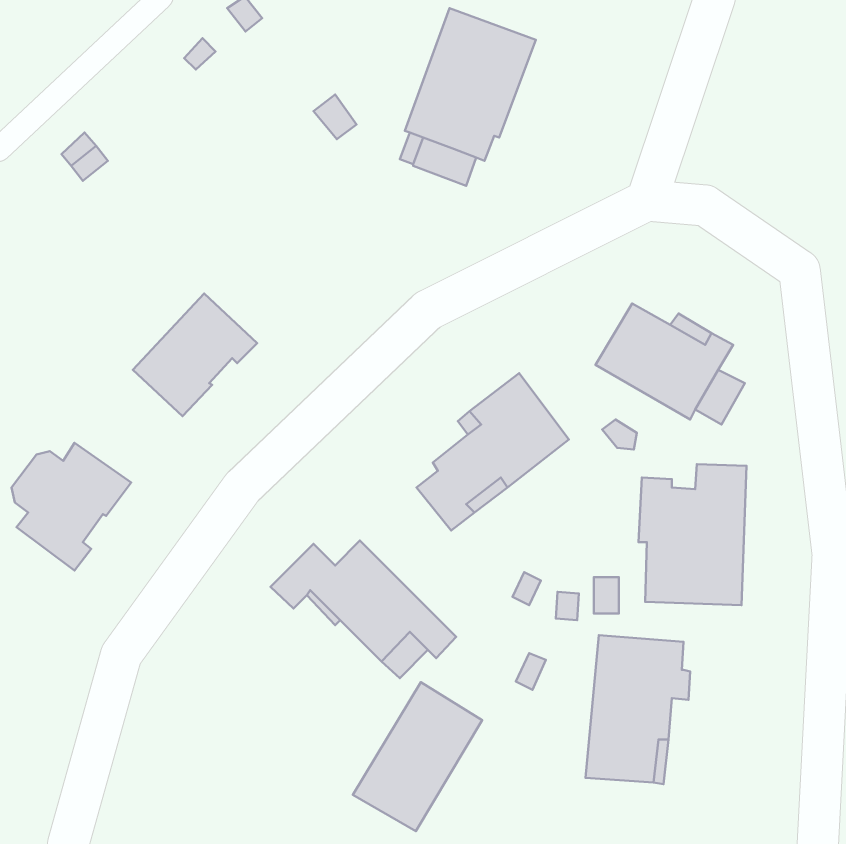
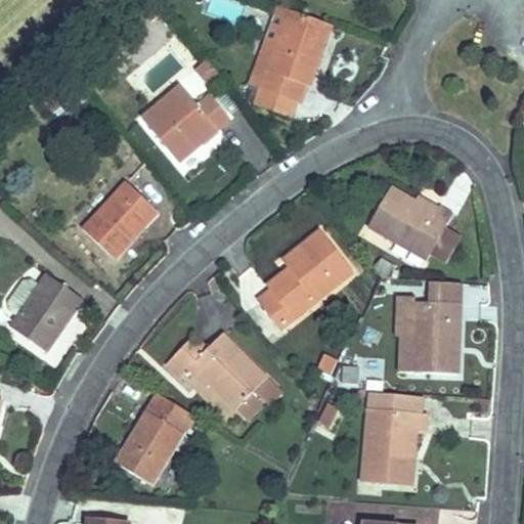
building: none -> [142,86,228,161]
building: [353,682,482,831] -> [114,392,193,484]

